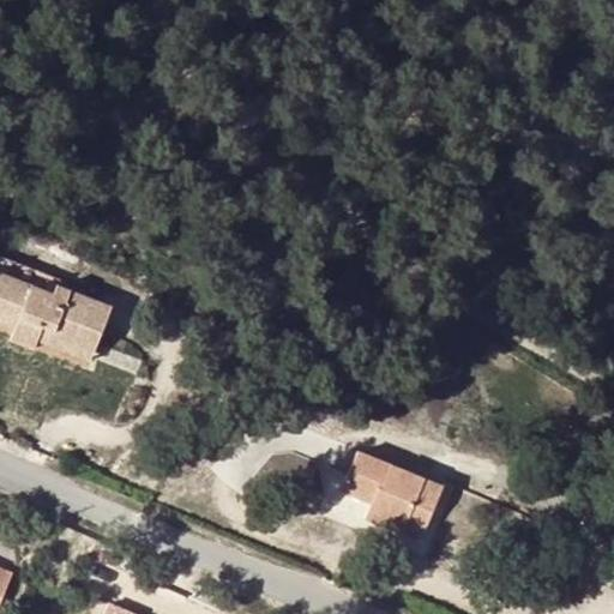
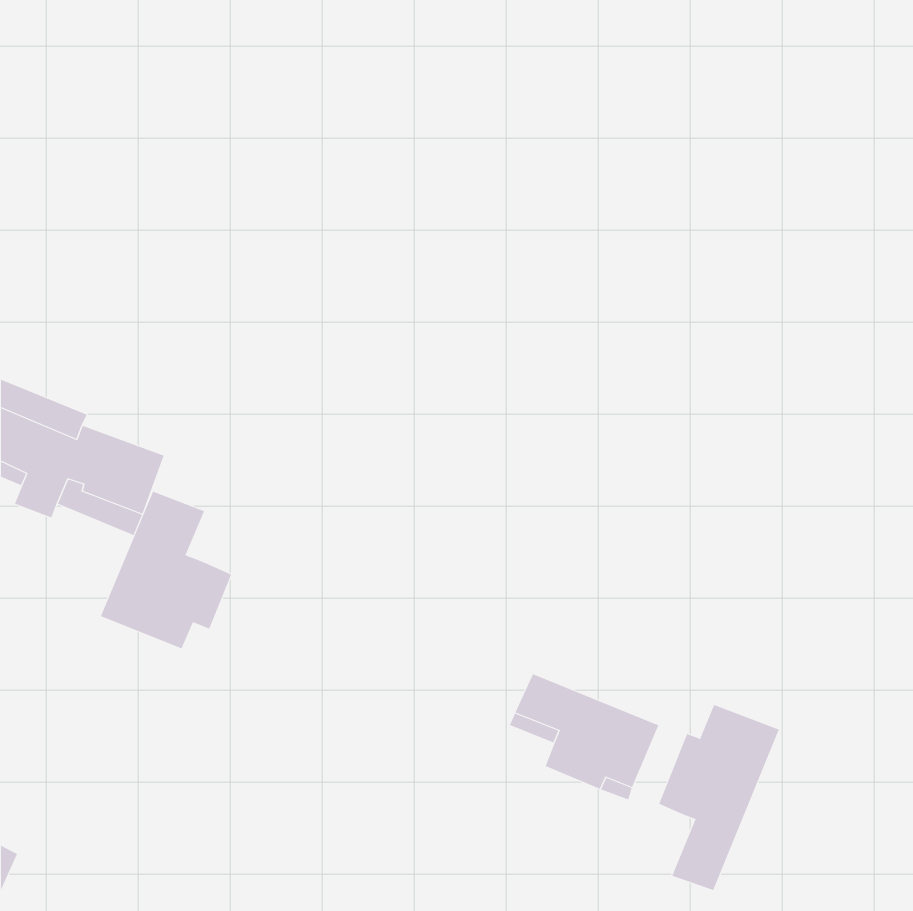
building: none -> [100,491,232,649]
building: none -> [658,704,779,891]

